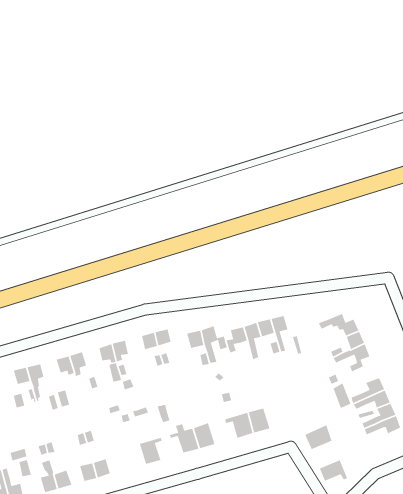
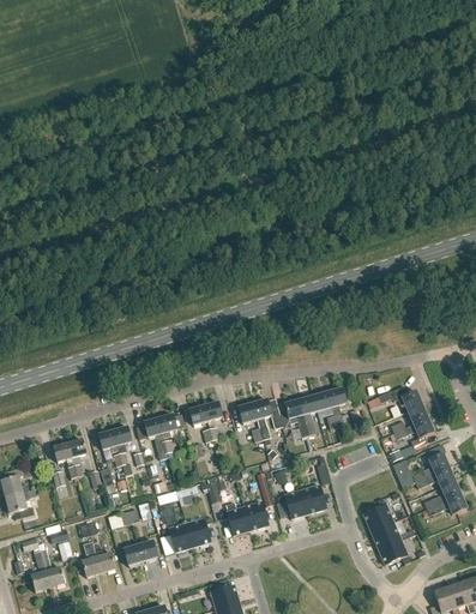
building: none -> [370,520,415,549]
building: none -> [162,523,194,552]

